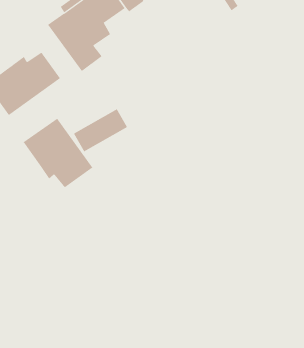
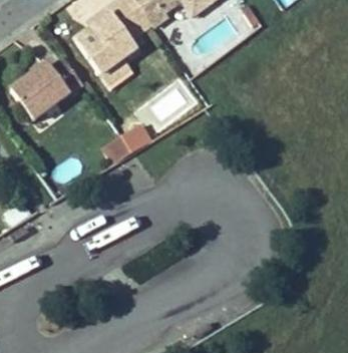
building: [23,118,93,188] -> none

